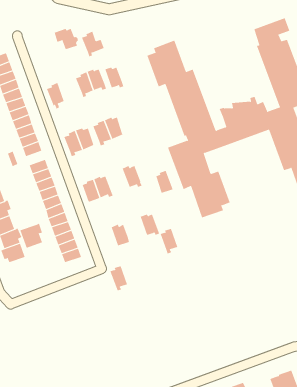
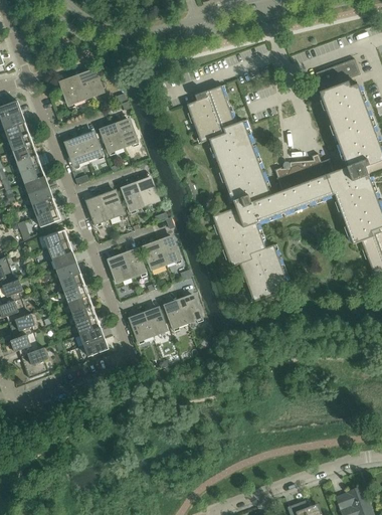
building: [81,31,104,57] -> [59,76,87,109]
building: [104,67,124,88] -> [78,134,103,160]
building: [155,170,174,193] -> [143,241,165,270]
building: [20,223,43,248] -> [19,347,47,378]
building: [160,228,178,255] -> [164,300,186,332]
building: [110,265,128,291] -> [129,313,151,344]

